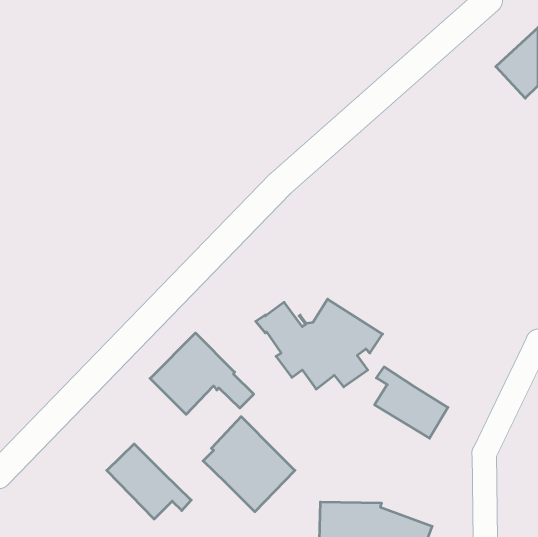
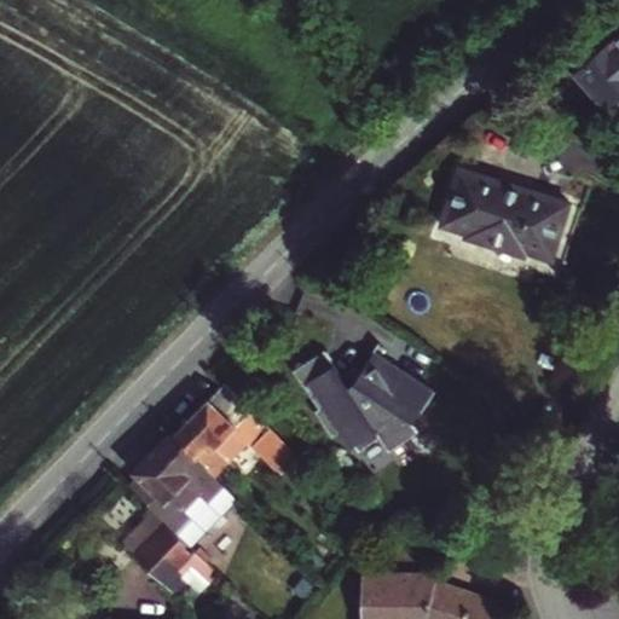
building: none -> [440,170,578,264]
building: [375,367,448,438] -> none
building: [203,417,295,512] -> [128,436,233,545]

